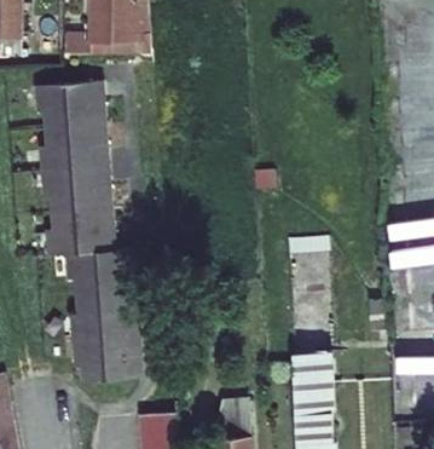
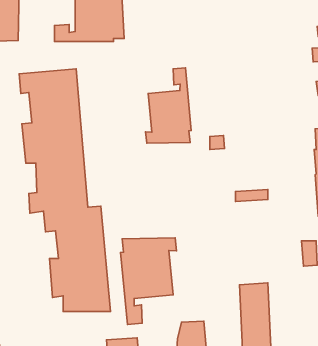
building: none -> [146,68,191,143]
building: none -> [121,238,176,324]

